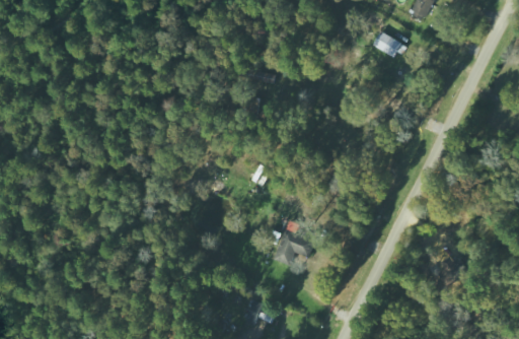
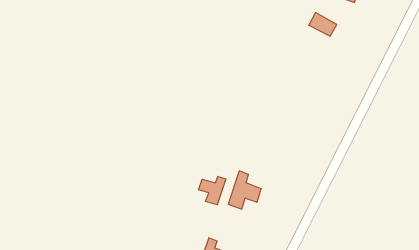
building: none -> [199,176,226,205]

